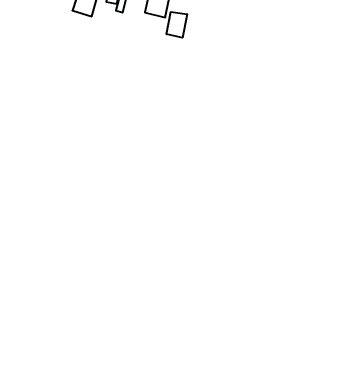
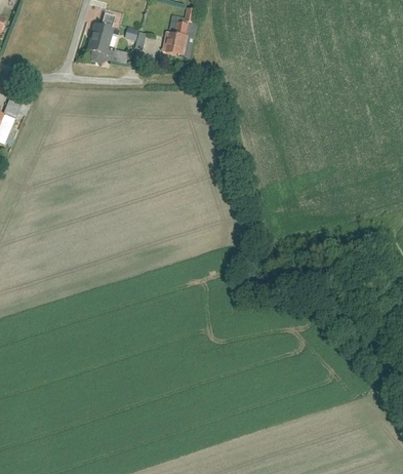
building: [167,12,187,38] -> none

